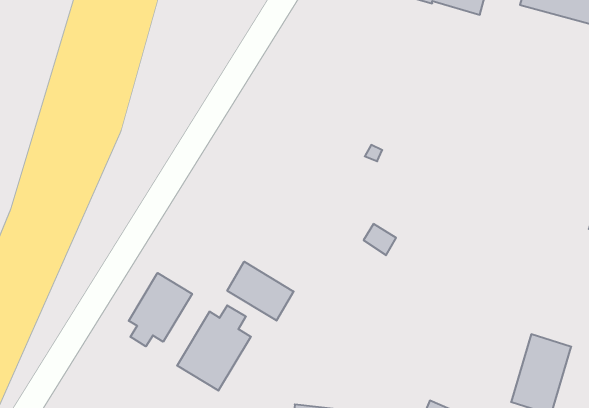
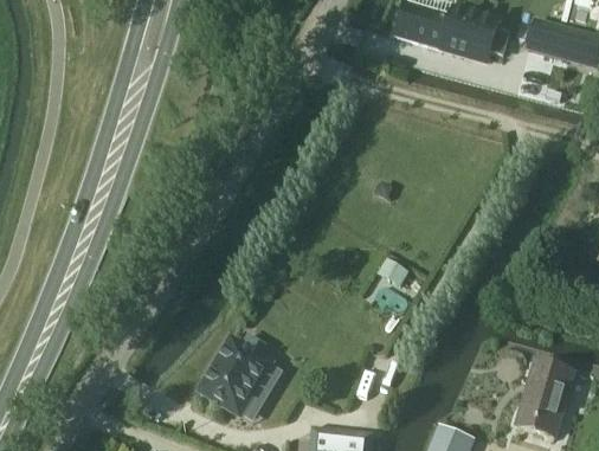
building: [227,262,294,321] -> none
building: [129,273,192,346] -> none

